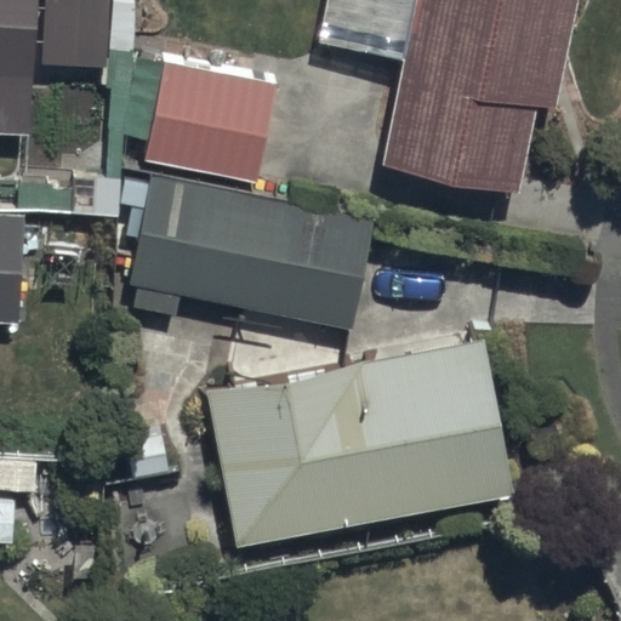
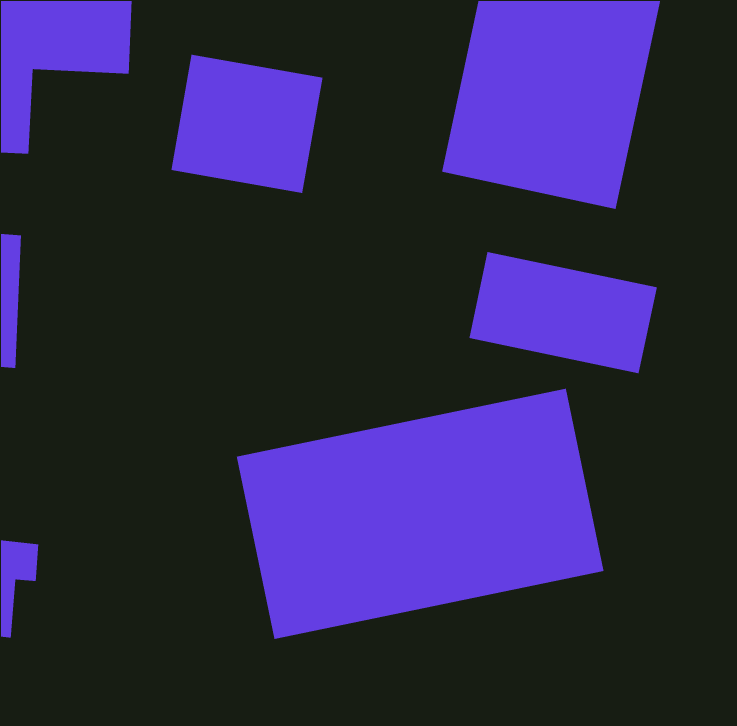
building: [123,175,377,330] -> none
building: none -> [469,251,658,374]

